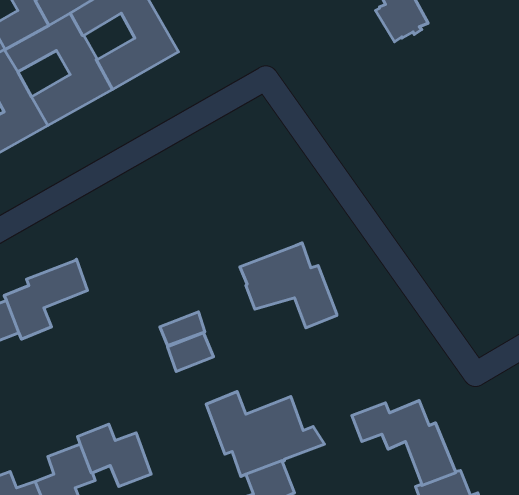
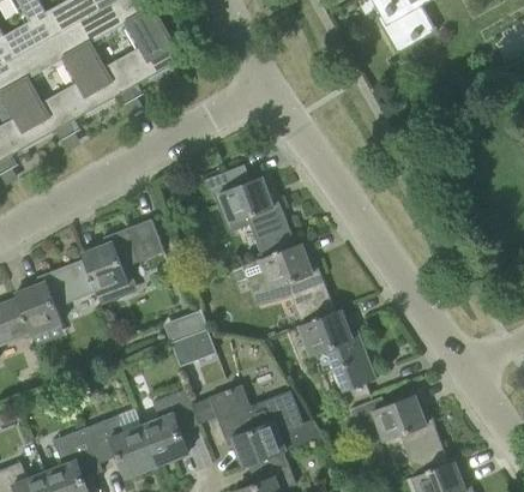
building: none -> [204,164,295,258]
building: none -> [82,220,163,298]
building: none -> [299,311,374,404]
building: none -> [141,390,199,466]

